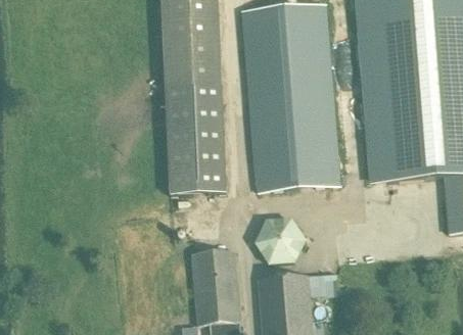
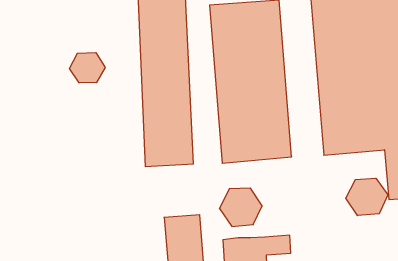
building: none -> [69,53,105,83]
building: none -> [346,178,388,216]

